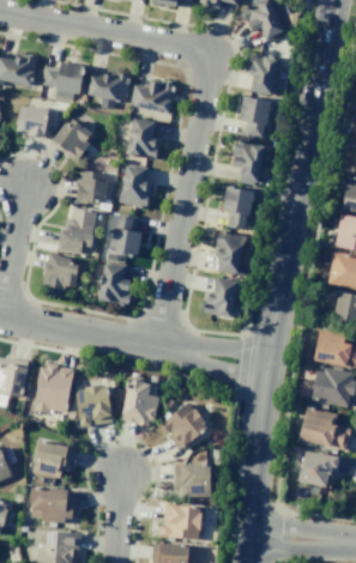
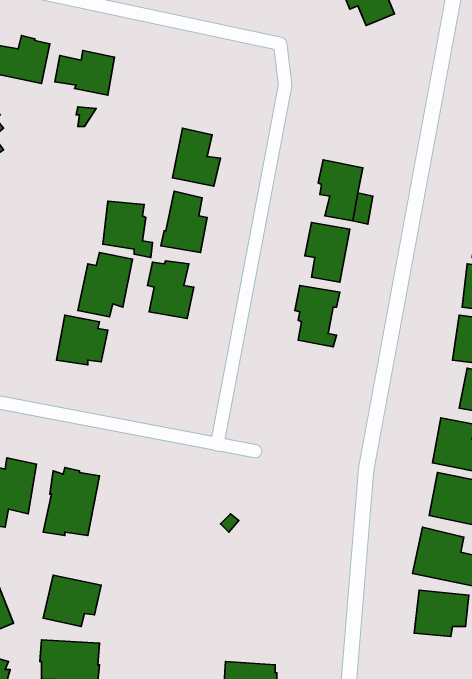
building: [245,53,278,95] -> none
building: [86,71,129,102] -> none
building: [129,78,175,113] -> none
building: [239,96,271,139] -> none
building: [17,104,53,140] -> none
building: [50,117,91,161] -> none
building: [98,261,133,305] -> none
building: [201,278,237,317] -> none
building: [121,379,158,425] -> none
building: [76,383,113,426] -> none
building: [158,401,207,450] -> none
building: [174,464,210,497] -> none

